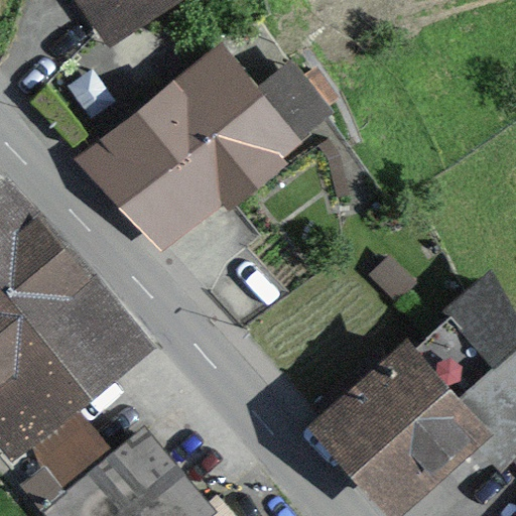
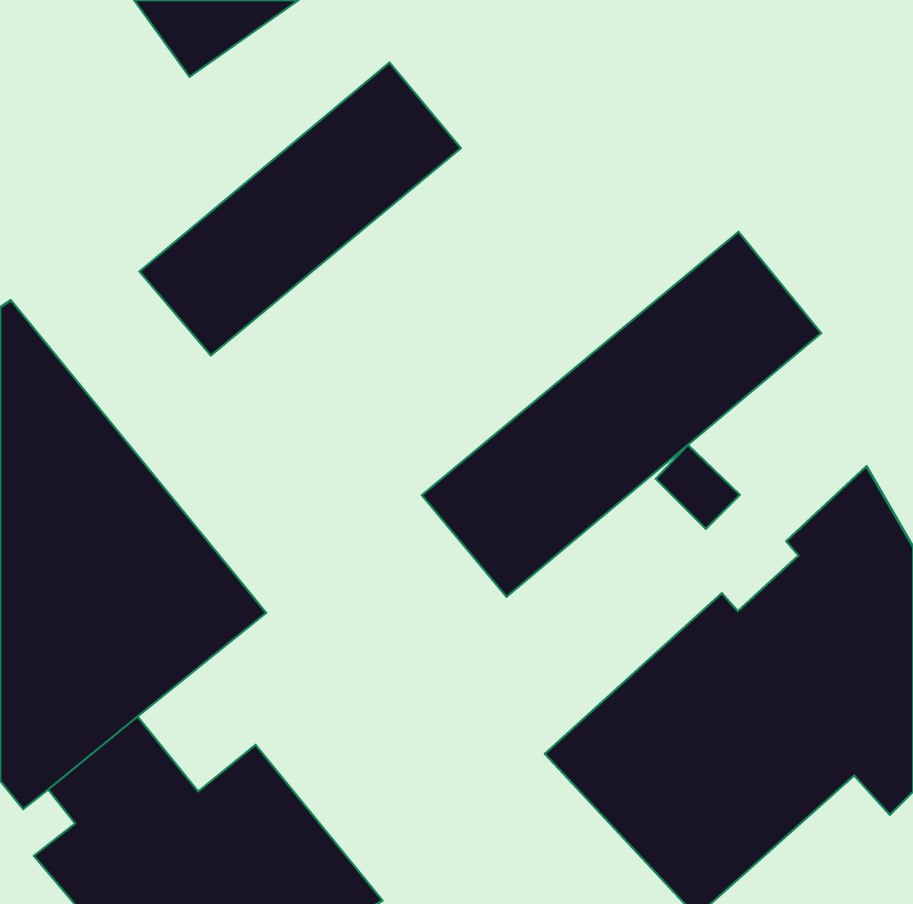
building: [119,60,345,256] -> none
building: none -> [422,232,821,597]

